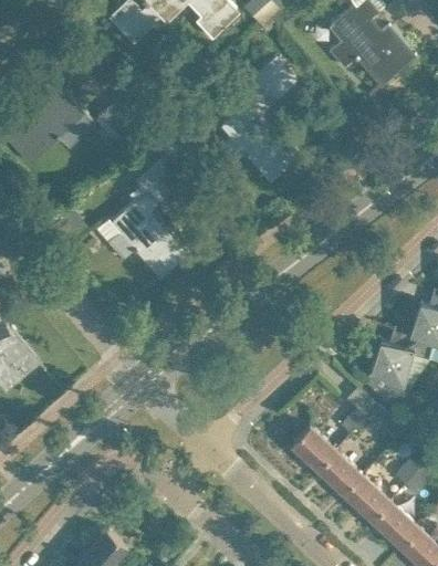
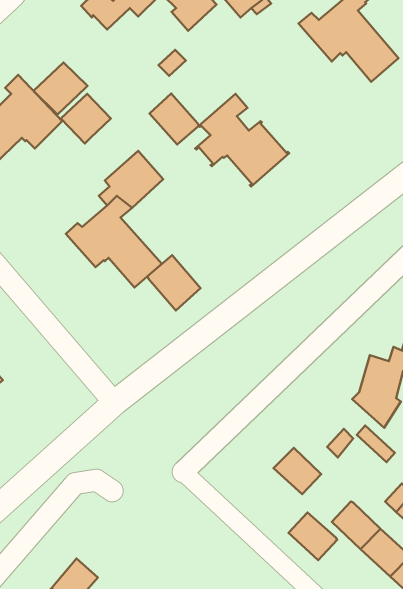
building: [254,59,295,101] -> none
building: none -> [34,62,88,114]
building: none -> [150,93,199,145]
building: none -> [148,255,201,310]
building: [316,450,362,494] -> [288,513,337,560]

